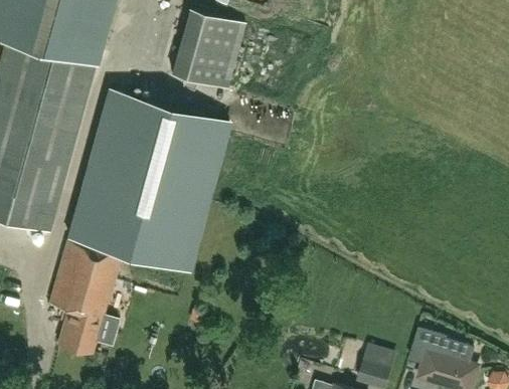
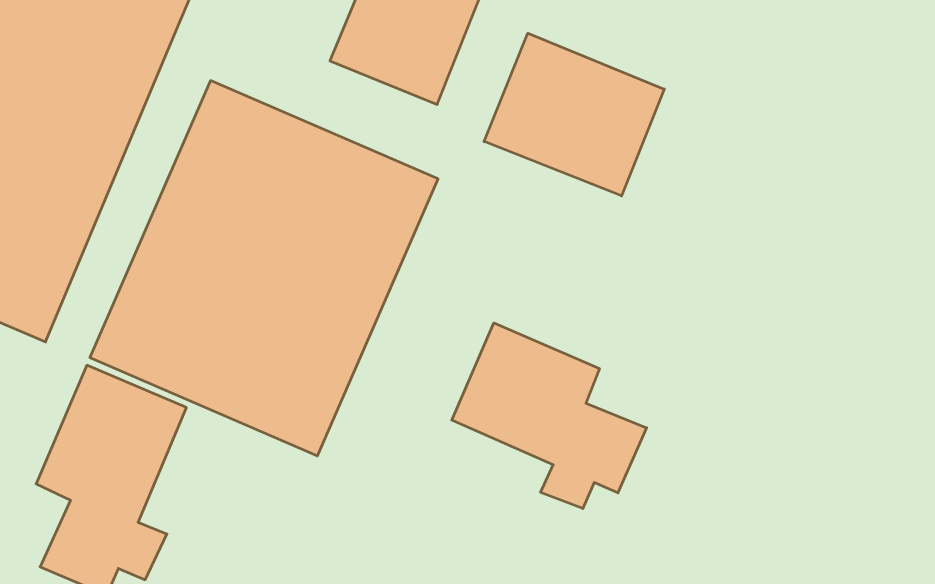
building: none -> [484,33,664,196]
building: none -> [452,323,647,509]

